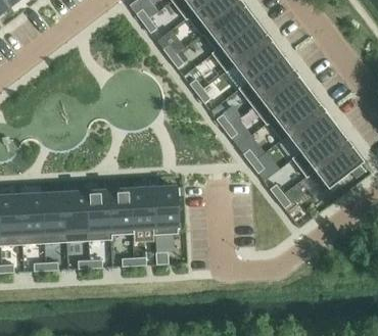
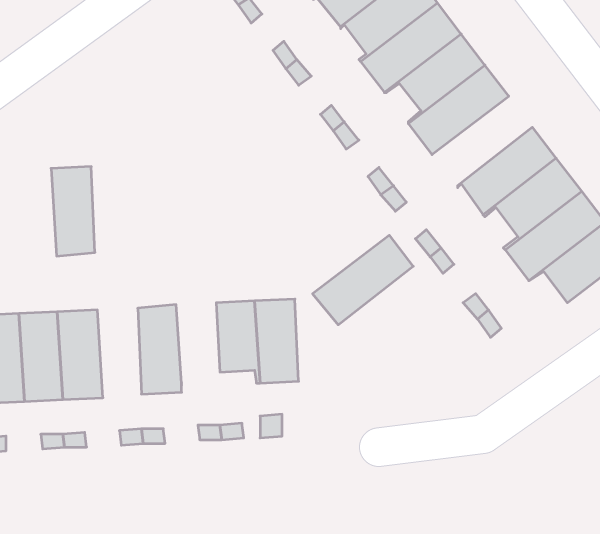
building: [252,74,309,124] -> [313,235,413,325]
building: [109,189,134,234] -> none
building: [65,192,90,242] -> [51,167,95,256]

